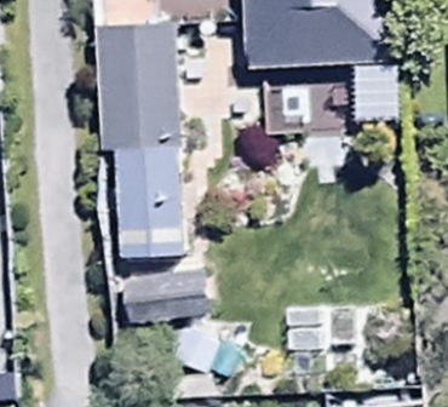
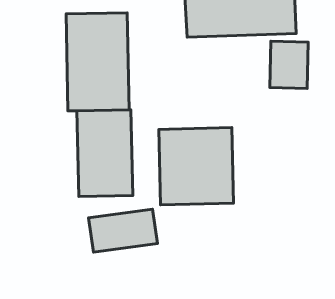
building: none -> [159,128,233,205]

